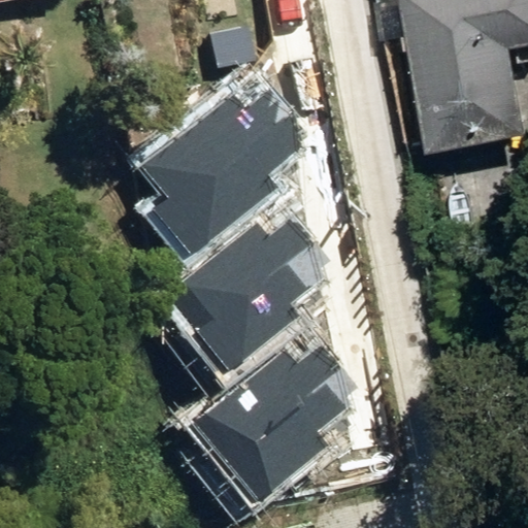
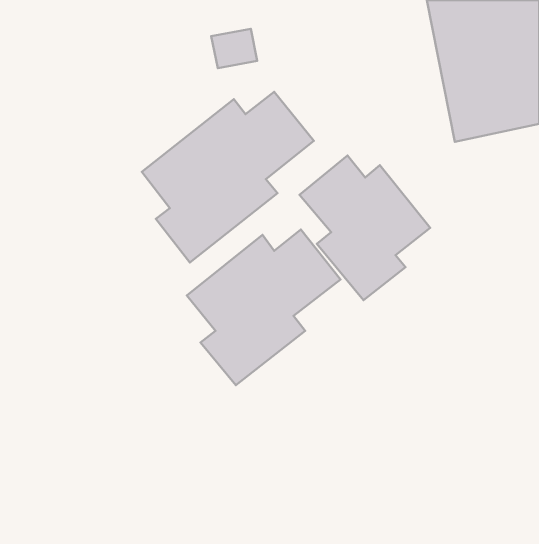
building: none -> [300,156,430,300]
building: [189,351,338,501] -> none

